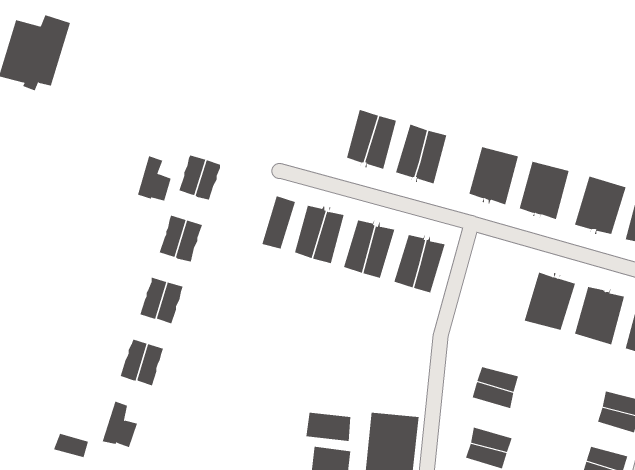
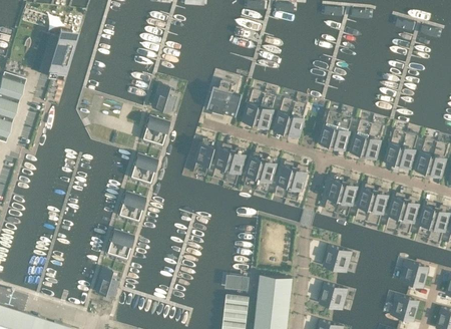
building: none -> [206,80,241,117]
building: [137,156,171,201] -> [152,84,173,112]
building: none -> [324,180,356,216]

